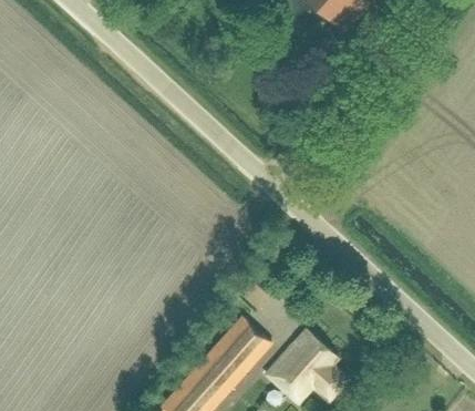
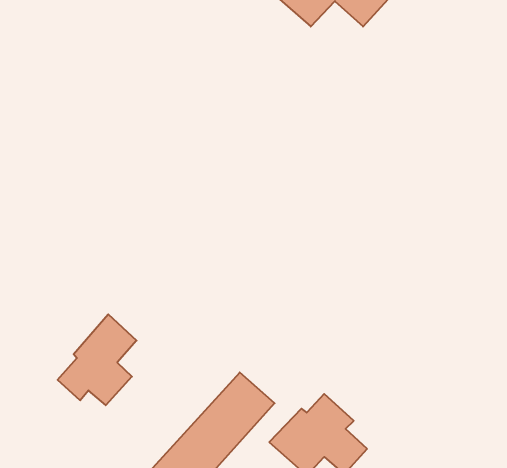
building: none -> [58,314,137,405]

